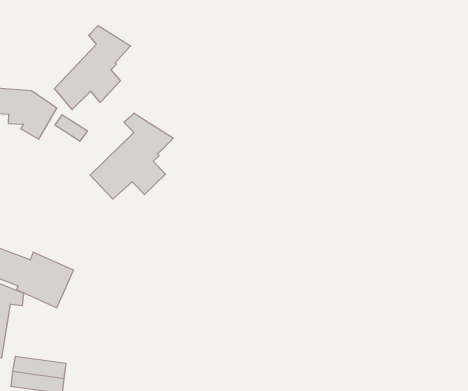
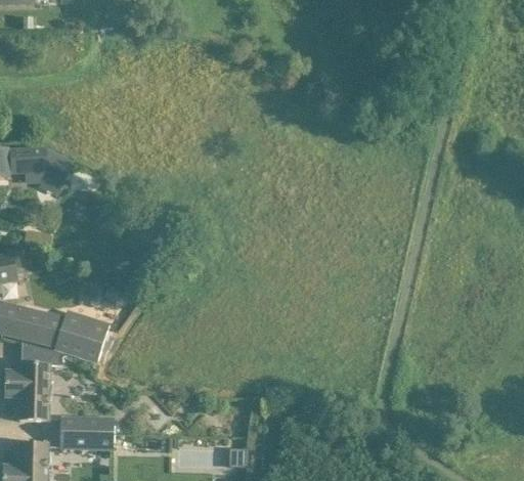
building: [54,26,131,110] -> none
building: [90,113,173,199] -> none

